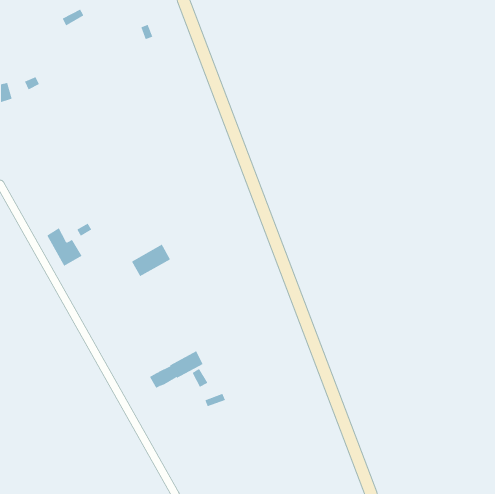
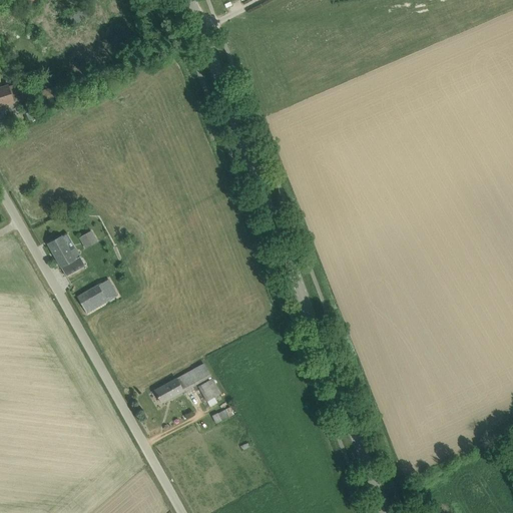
building: [131,244,171,277] -> [77,279,118,313]

